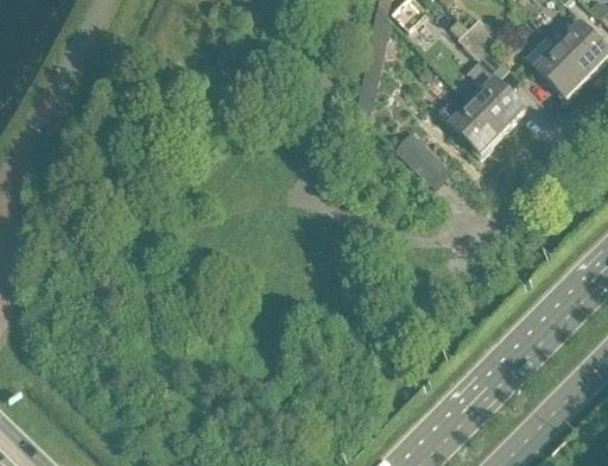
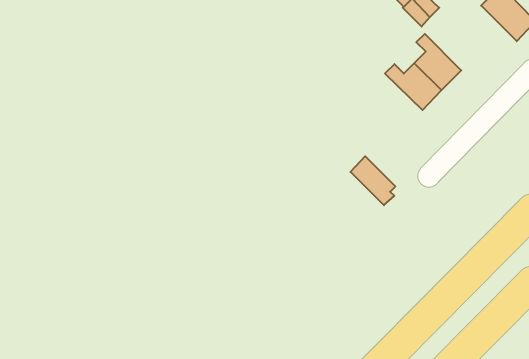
building: [526,36,588,99] -> none
building: [395,131,446,187] -> [350,156,395,205]

